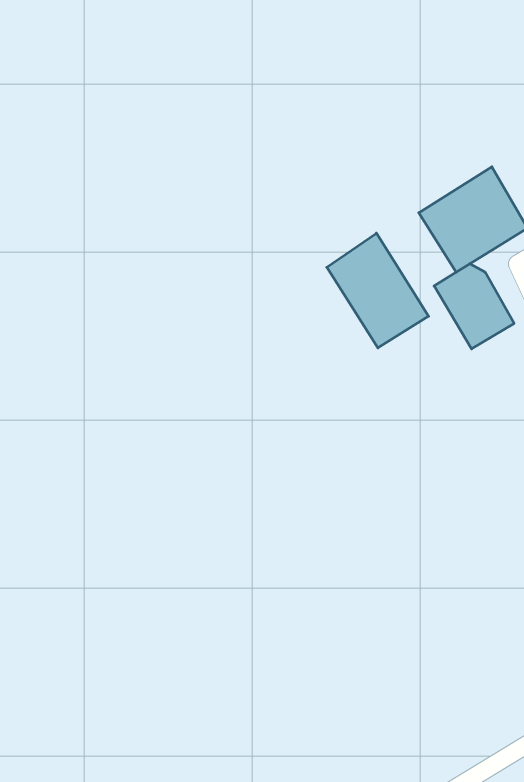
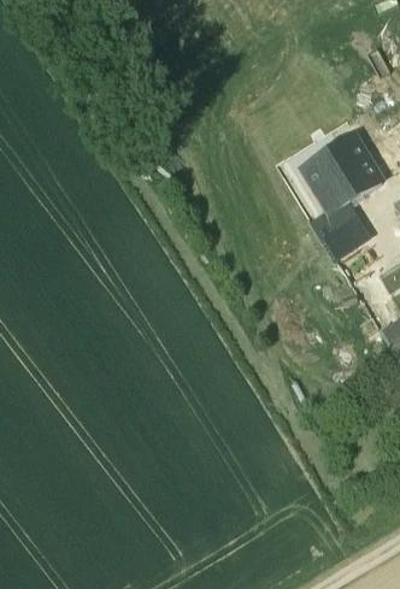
building: [327,233,429,348] -> none

